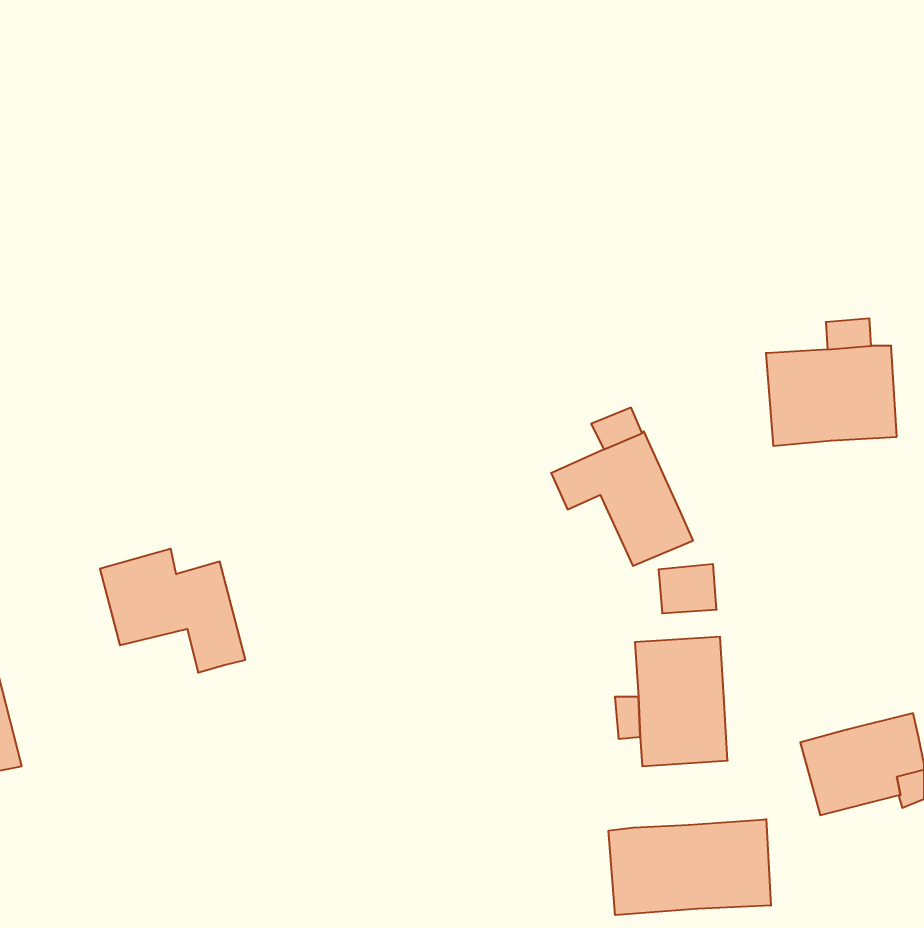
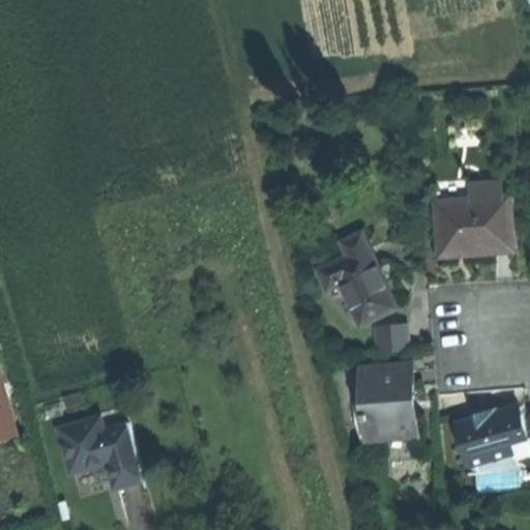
building: [100,549,245,673] -> [59,420,142,491]
building: [609,819,771,915] -> none

